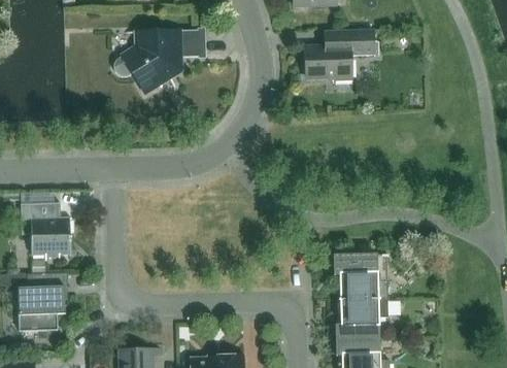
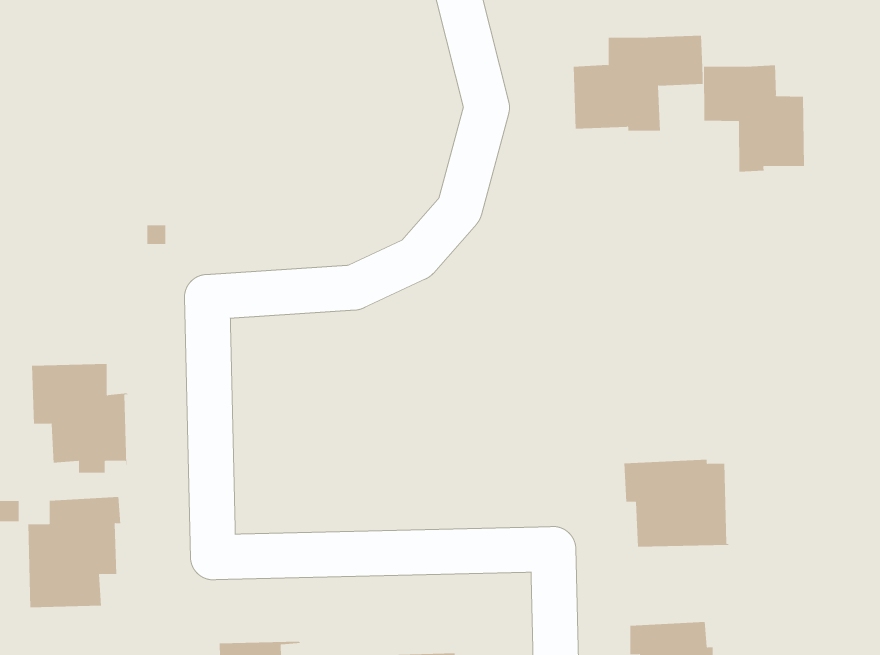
building: [114,30,202,93] -> none
building: none -> [704,64,804,173]
building: [335,298,388,340] -> none

